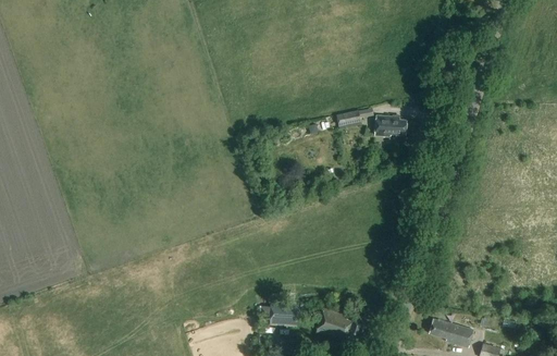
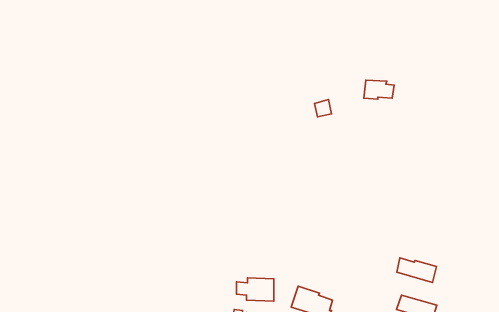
building: [374,115,407,136] -> [364,80,394,99]
building: none -> [397,258,437,282]

